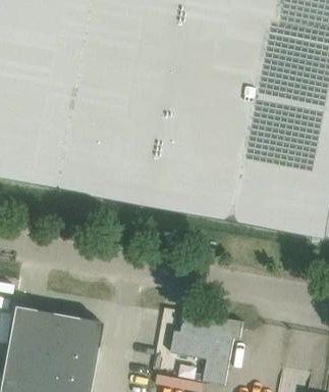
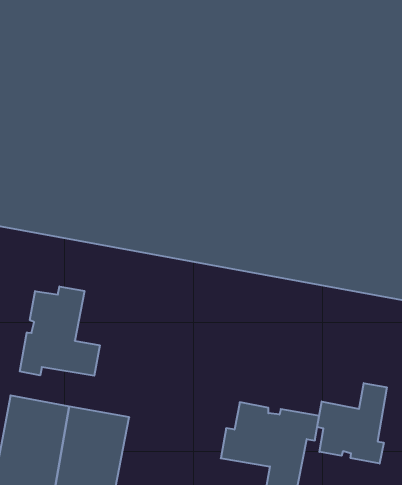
building: none -> [20,286,100,376]
building: none -> [317,383,387,464]

